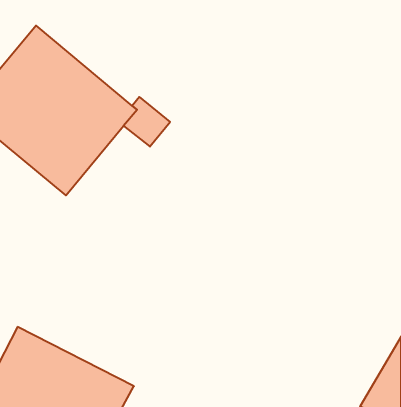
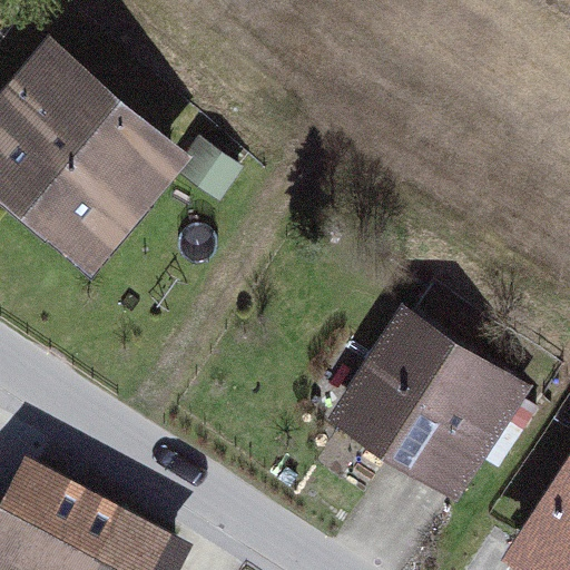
building: none -> [327,311,524,502]

